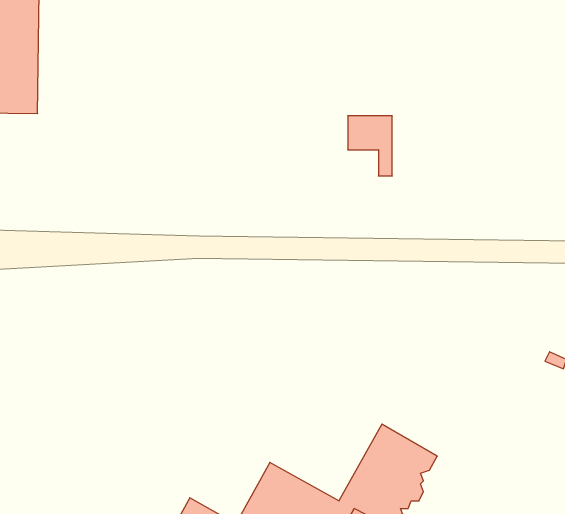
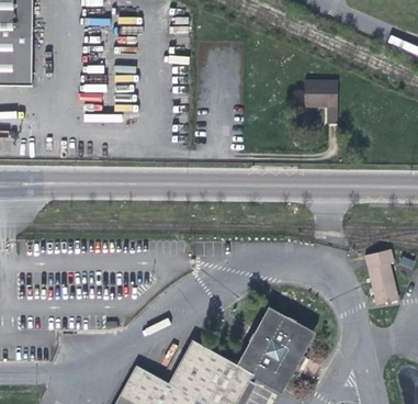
building: [348,116,392,176] -> [306,81,338,124]
building: none -> [364,250,397,306]

